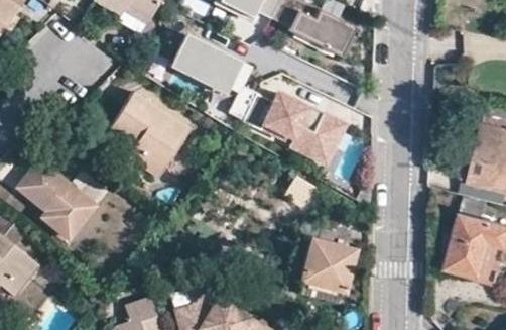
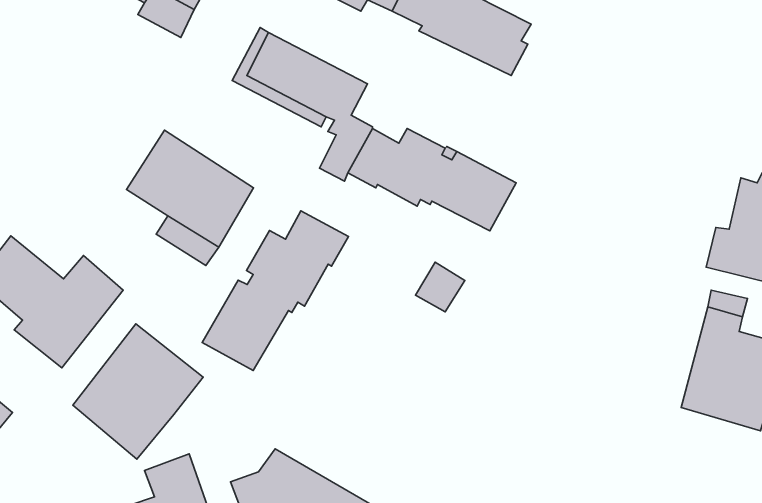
building: none -> [202,211,348,370]
building: none -> [73,324,203,459]
building: [299,239,354,293] -> none

